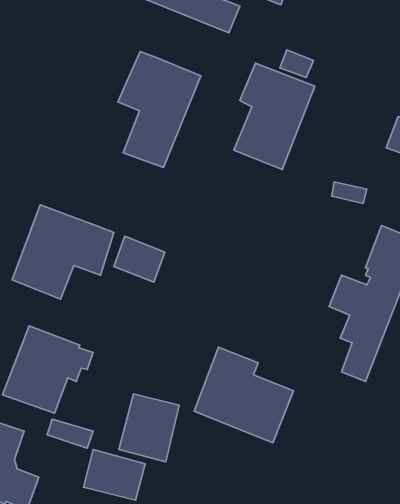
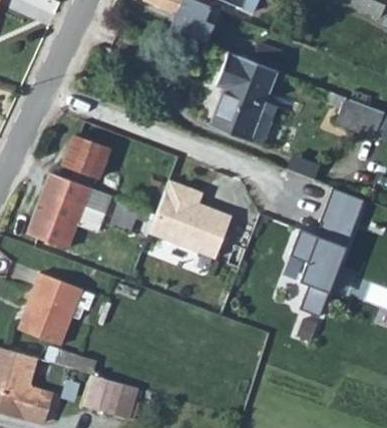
building: [118,52,201,168] -> none
building: none -> [66,134,112,176]
building: [194,347,293,443] -> [149,181,232,261]
building: [119,394,179,462] -> none

